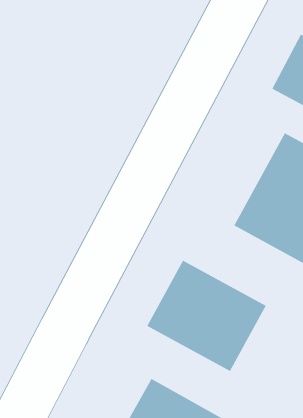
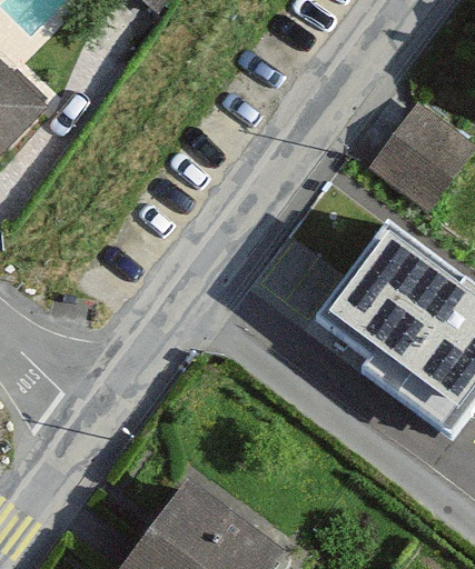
building: [147,260,267,372] -> none

